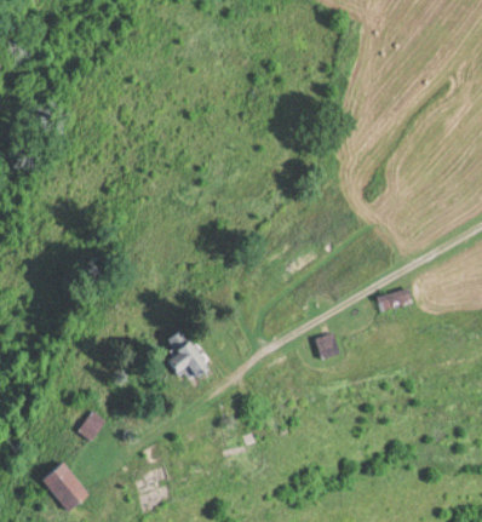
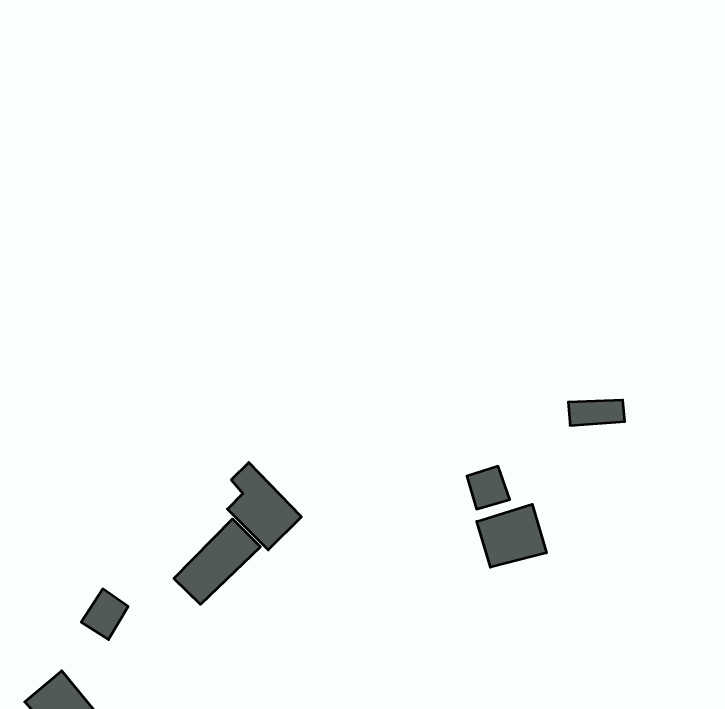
building: none -> [477,504,546,567]
building: none -> [174,519,260,604]

